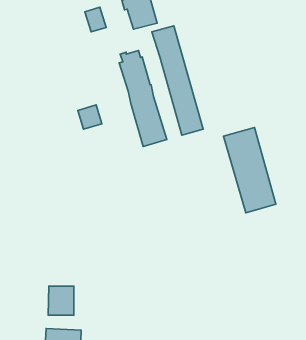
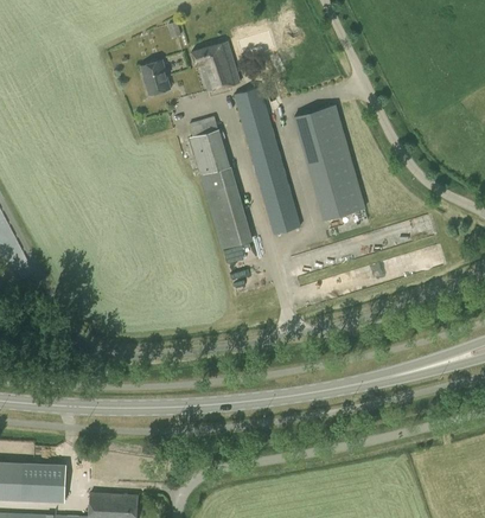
building: [78,105,102,129] -> none
building: [224,127,276,213] -> [293,104,363,219]
building: [48,286,74,315] -> [32,460,66,499]

